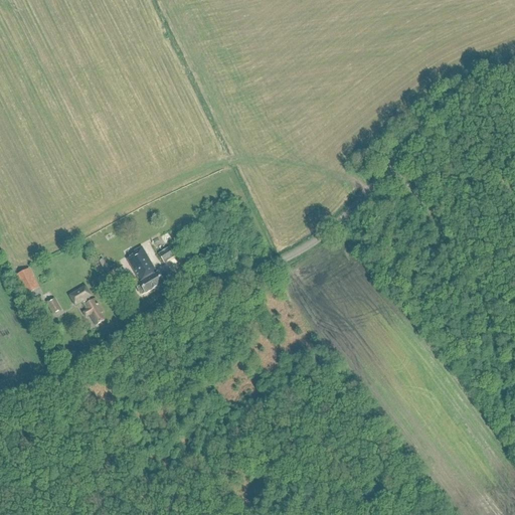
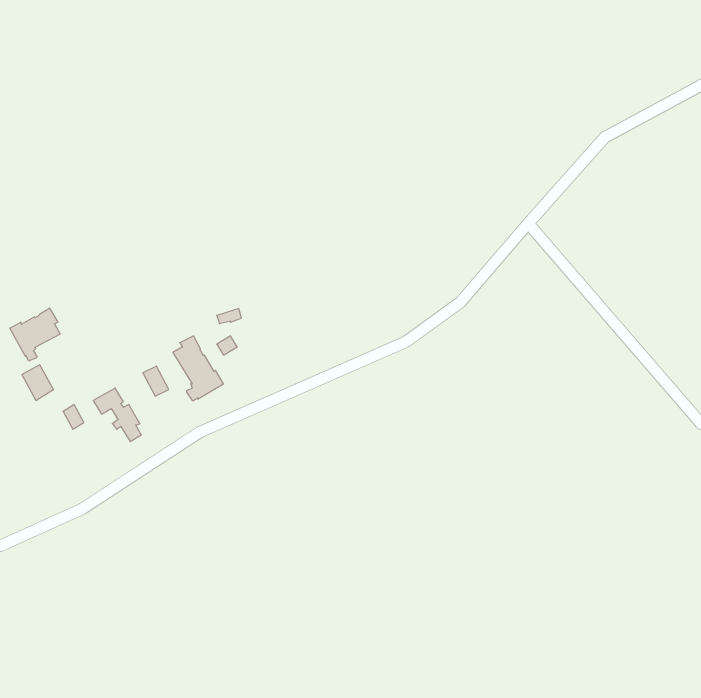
building: none -> [10,308,60,361]

